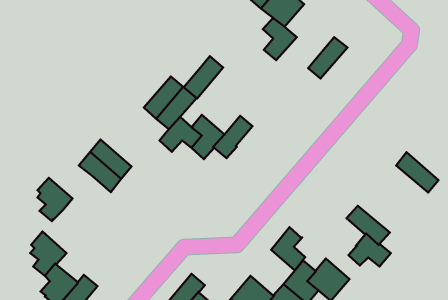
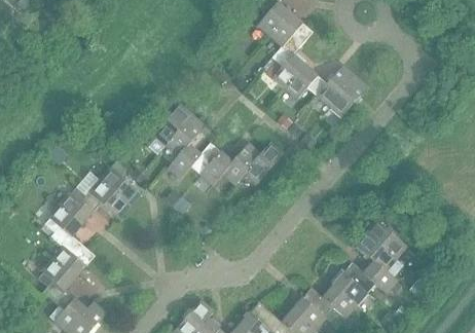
building: none -> [285,64,327,98]
building: none -> [329,74,368,116]
building: [184,56,223,99] -> [245,141,284,183]
building: [396,152,438,192] -> [366,218,408,258]
building: none -> [59,187,102,224]
building: none -> [52,235,96,279]
building: [271,227,305,270] -> [334,261,368,304]

